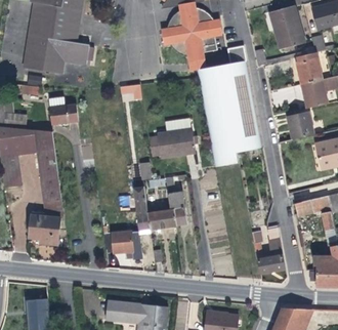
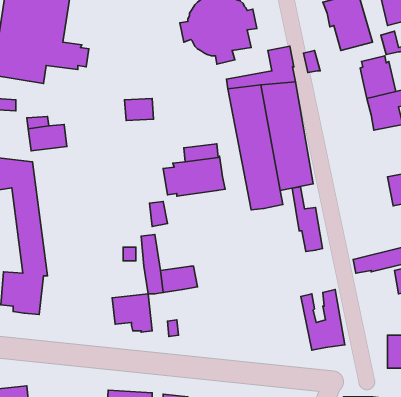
building: [286,111,313,140] -> none
building: [165,177,187,225] -> [292,187,322,251]

